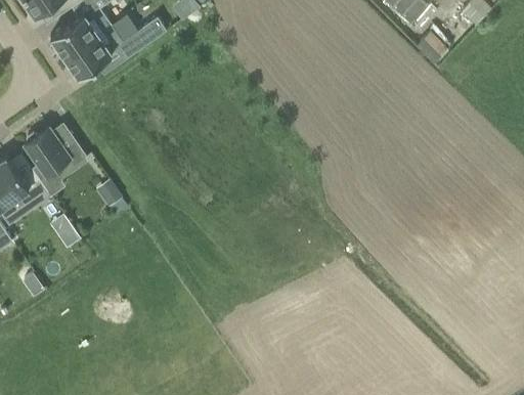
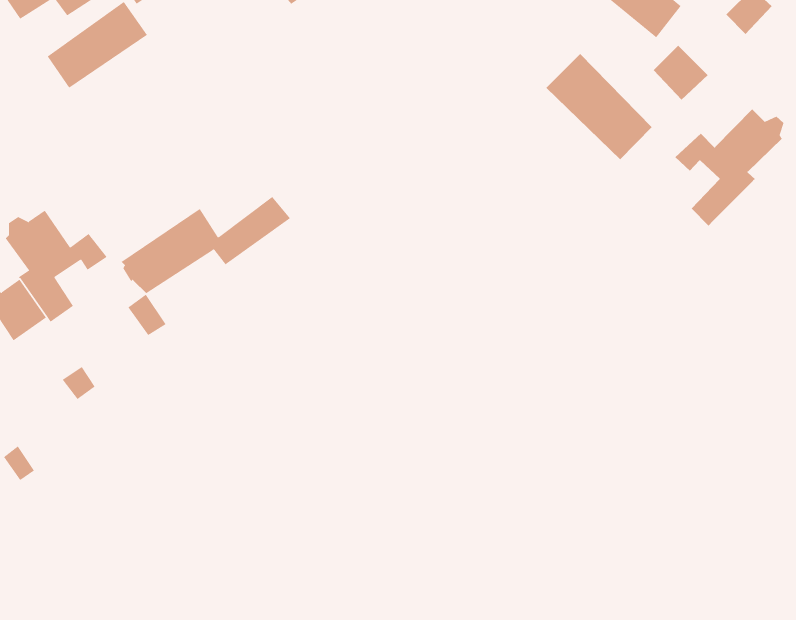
building: [61,17,165,77] -> [121,196,291,294]
building: none -> [545,53,652,160]
building: none -> [674,109,784,226]

